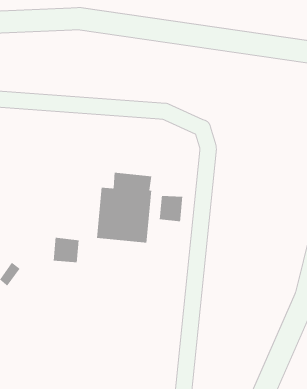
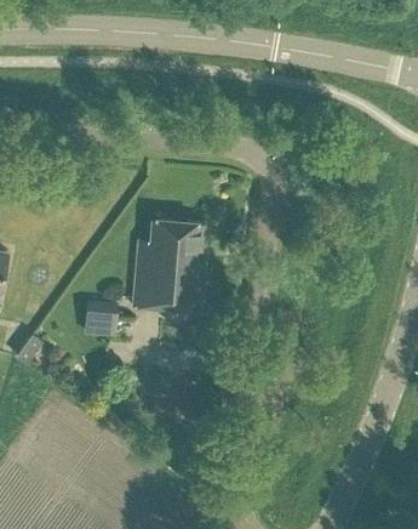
building: [159,195,183,222] -> none

